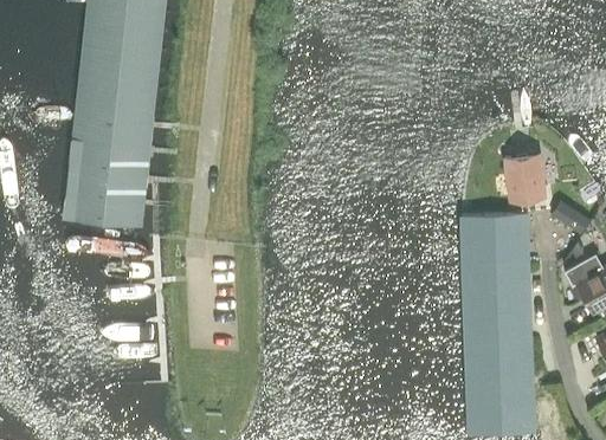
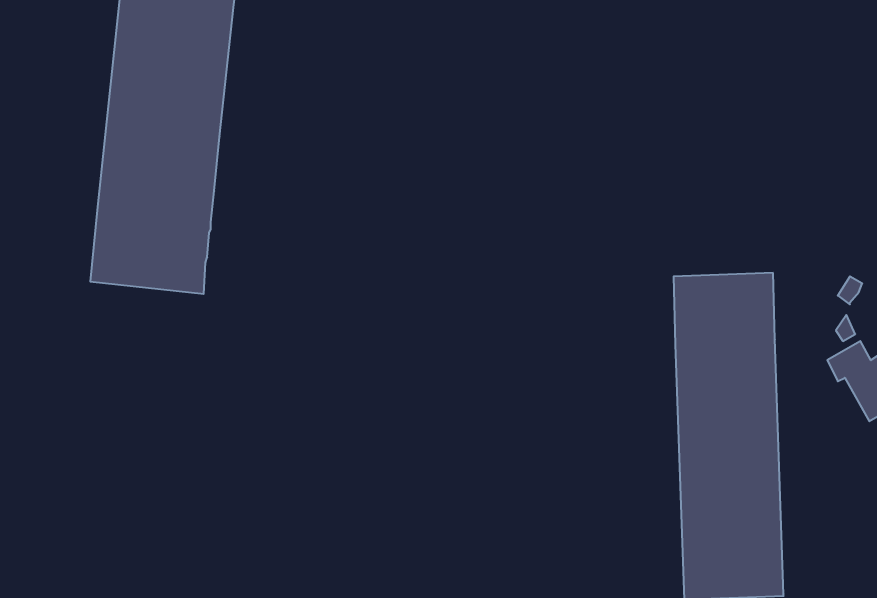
building: [504,154,544,200] -> none

